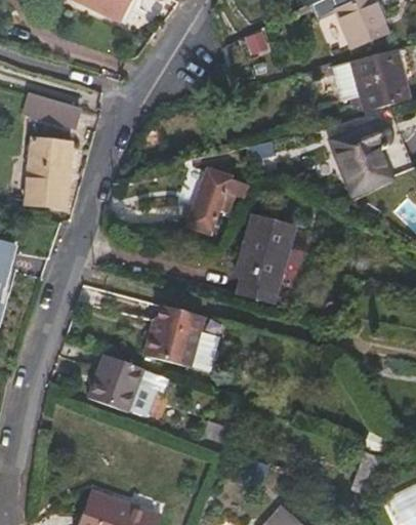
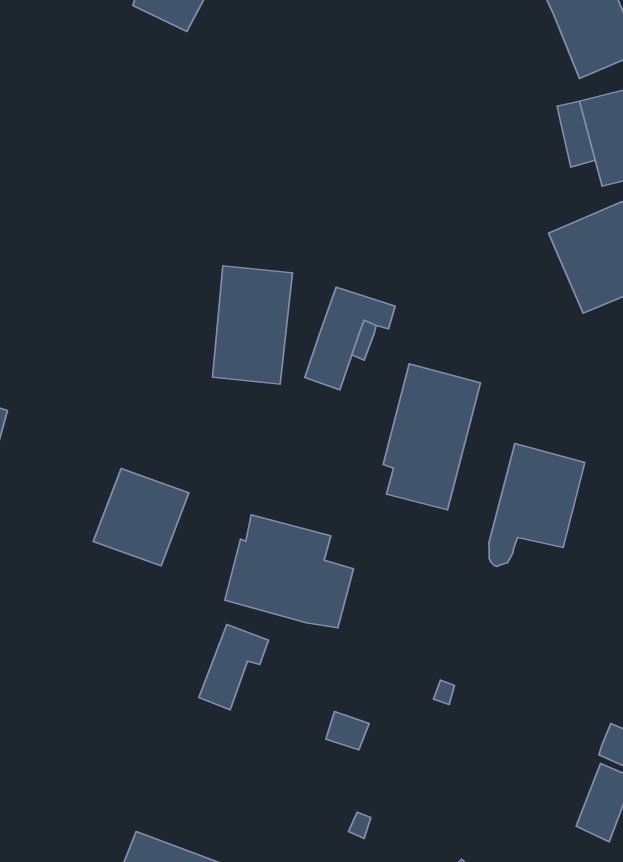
building: [25,92,80,127] -> none
building: [26,138,73,208] -> [212,266,292,384]
building: none -> [489,444,585,566]
building: [87,356,143,413] -> [93,469,189,566]

